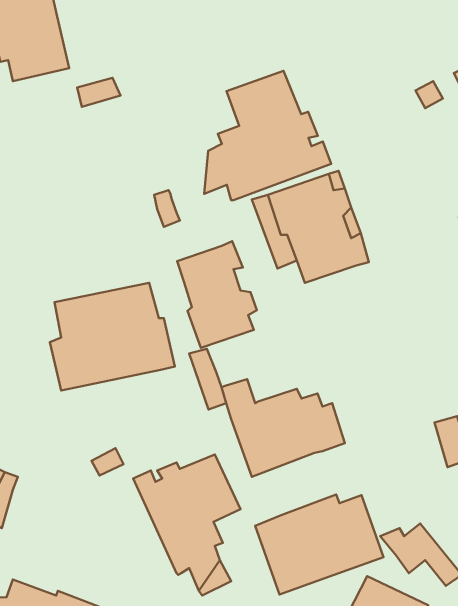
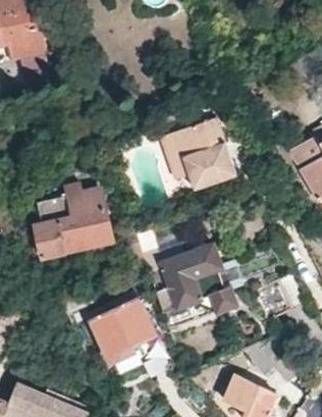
building: [204,71,331,200] -> none
building: [177,241,257,348] -> none
building: [255,494,384,595] -> none

